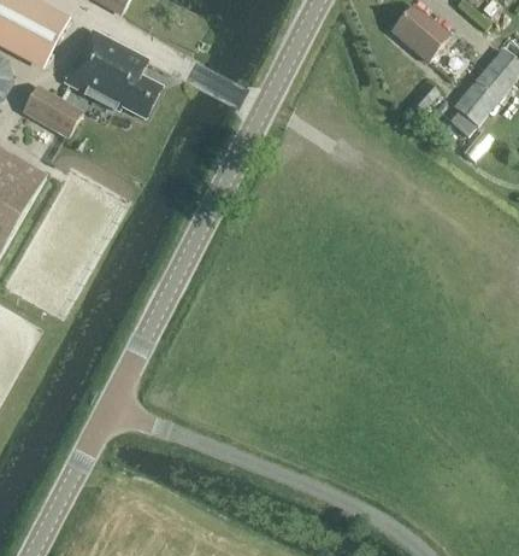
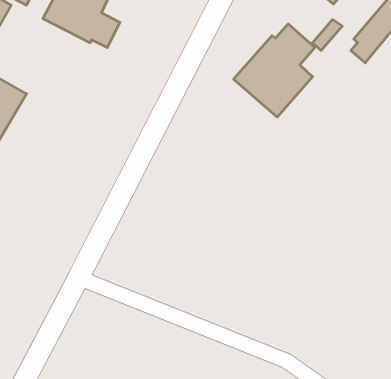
building: [20,84,82,137] -> none
building: none -> [234,24,315,117]

